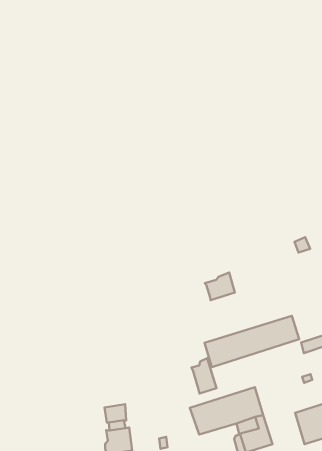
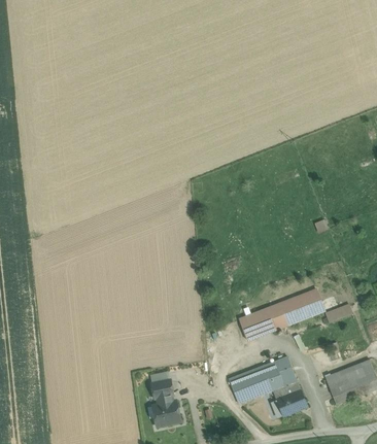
building: [205,273,235,300] -> none
building: [191,358,216,394] -> none

